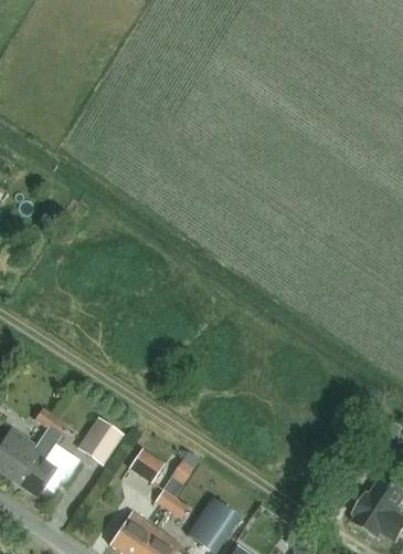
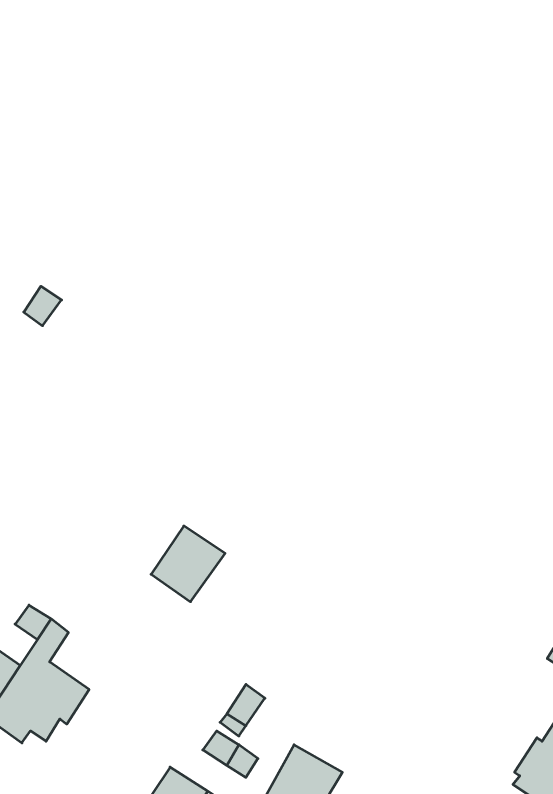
building: [75,418,123,467] -> [151,526,225,602]
building: [126,447,163,484] -> none

